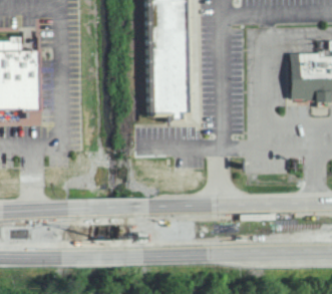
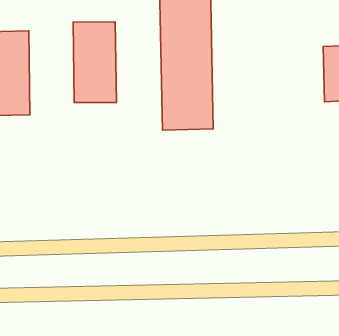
building: none -> [73,22,116,103]

